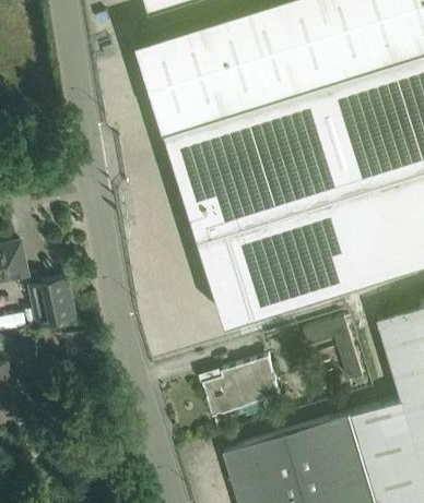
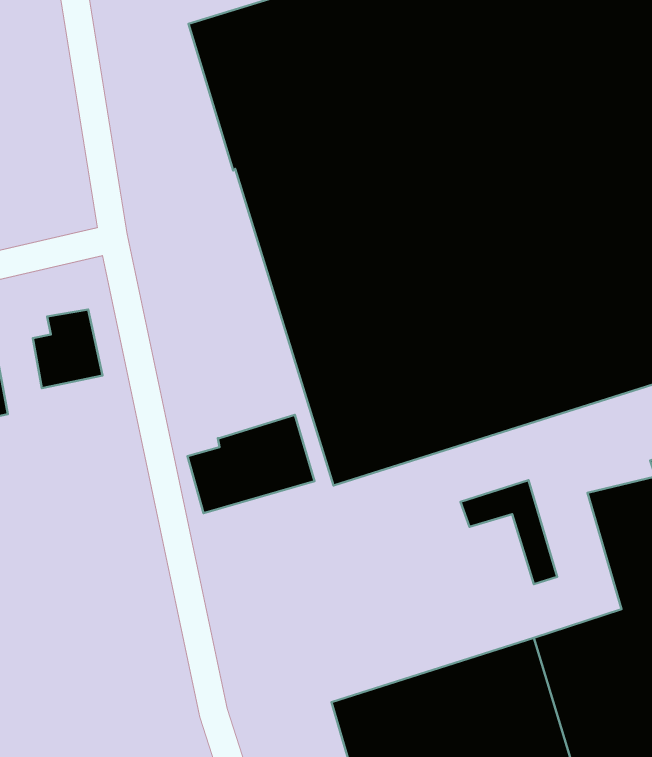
building: [31,279,73,327] -> [33,309,103,388]
building: [202,357,280,417] -> [187,415,314,513]

